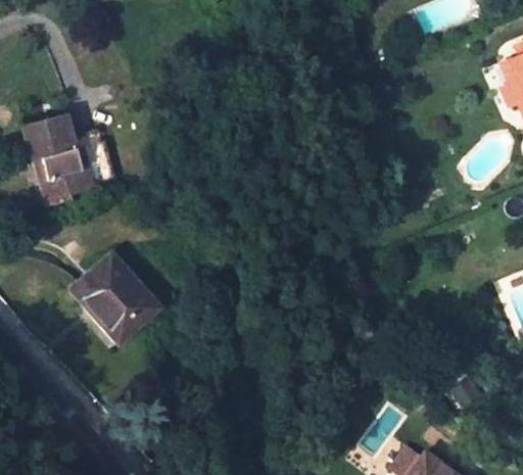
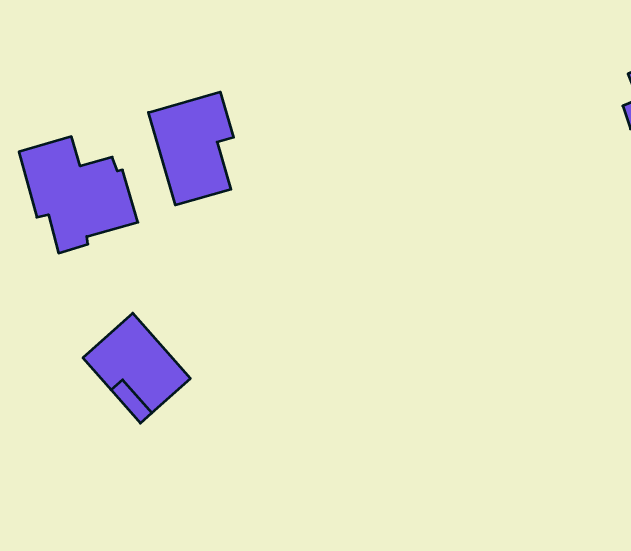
building: none -> [148,92,234,205]

